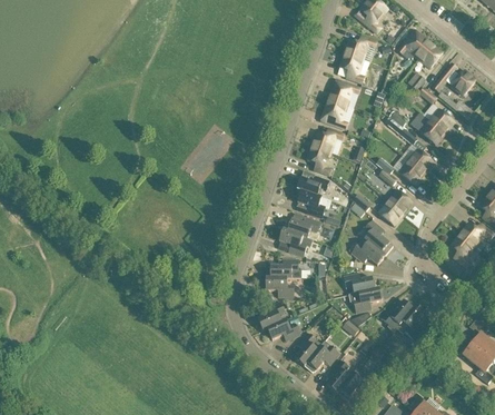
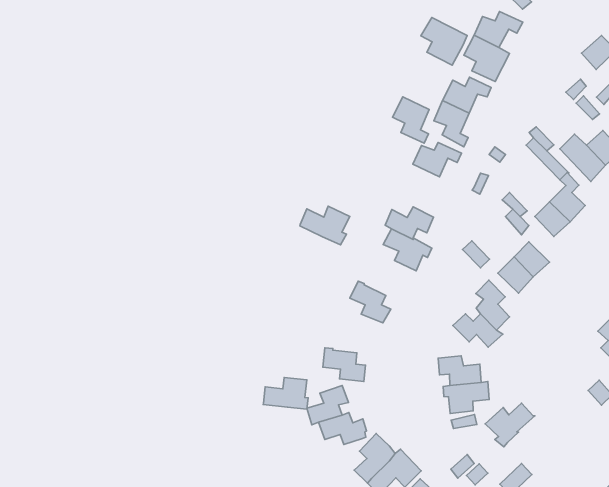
building: [396,34,430,60] -> none
building: none -> [421,18,467,65]
building: [306,146,331,176] -> [393,97,429,143]
building: [287,216,320,241] -> [300,206,350,245]
building: [270,258,300,278] -> [263,377,308,409]
building: [396,305,425,338] -> none

